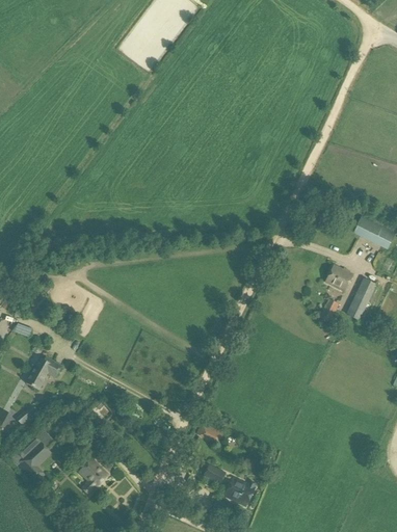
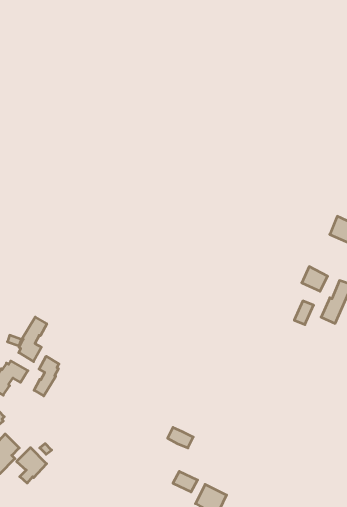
building: none -> [19,317,47,362]
building: none -> [34,356,59,396]
building: [80,459,109,494] -> [17,448,47,483]

